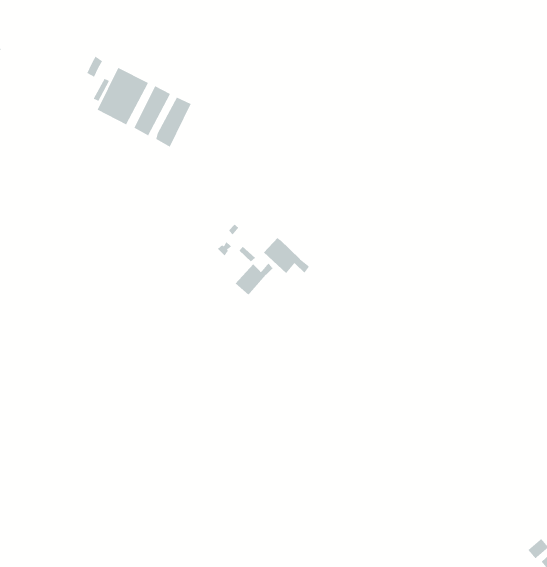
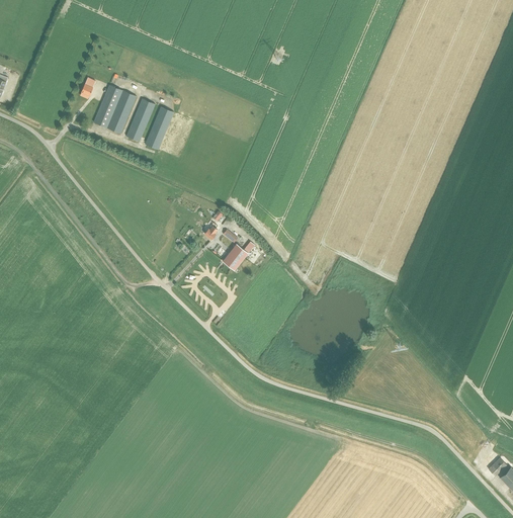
building: [263,237,310,274] -> none

